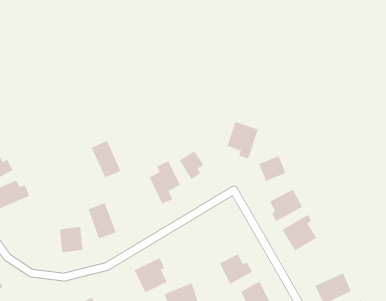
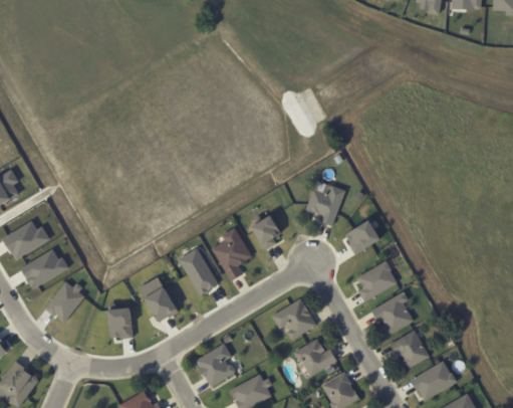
building: [91,140,122,178] -> [180,248,217,294]
building: none -> [45,279,87,323]
building: none -> [273,297,319,341]
building: none -> [391,330,432,369]

